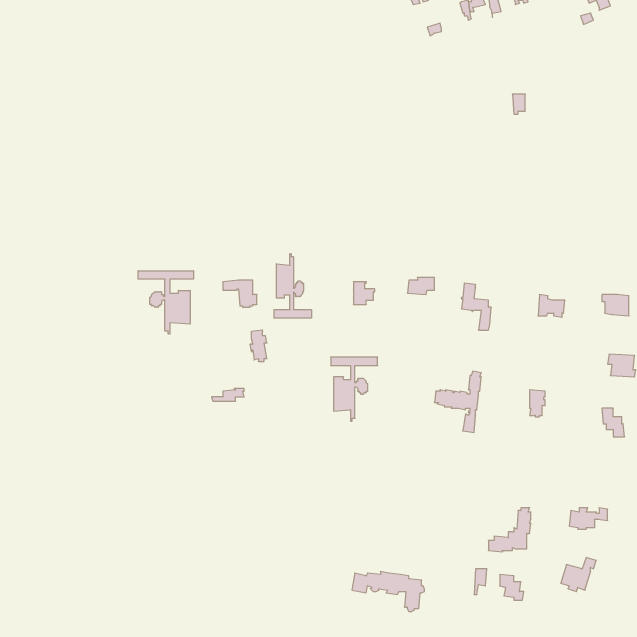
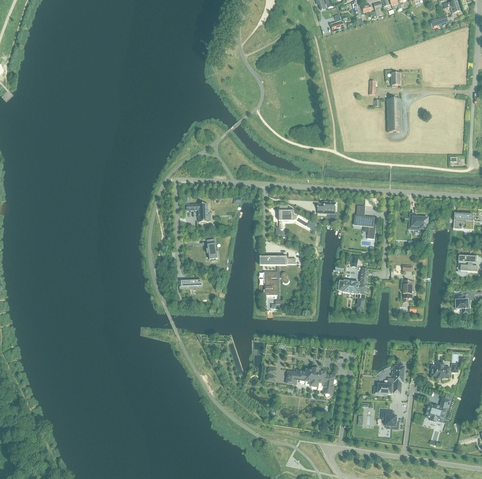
building: none -> [386,97,401,130]
building: [274,254,311,318] -> none
building: [138,271,193,334] -> none
building: [352,572,424,611] -> [285,368,336,396]

